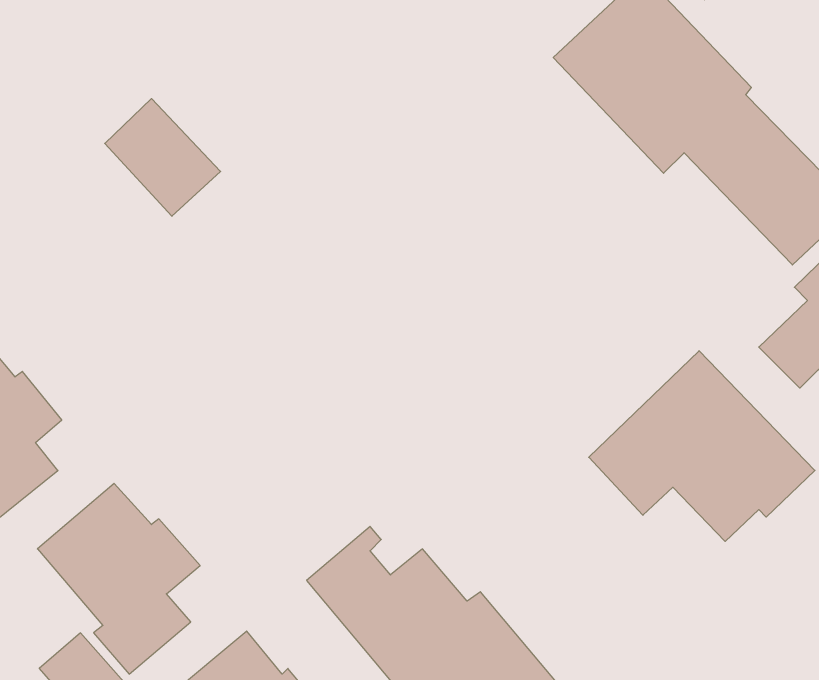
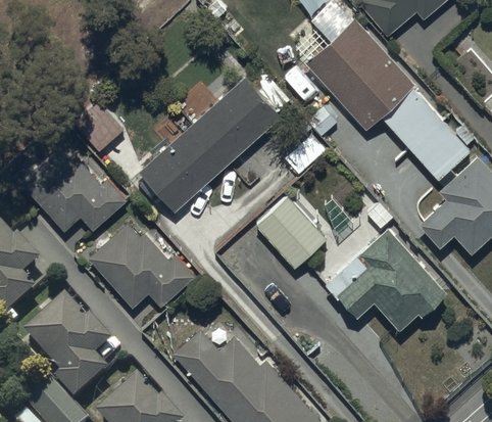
building: none -> [140,76,293,212]
building: none -> [19,148,127,232]
building: none -> [255,194,328,268]
building: none -> [89,225,195,309]

